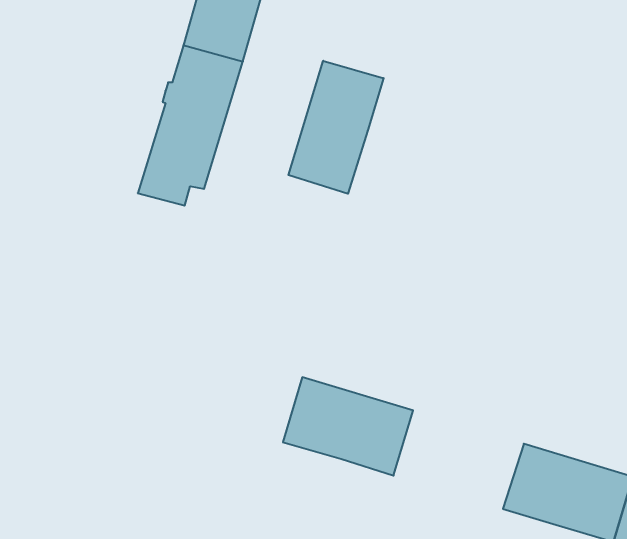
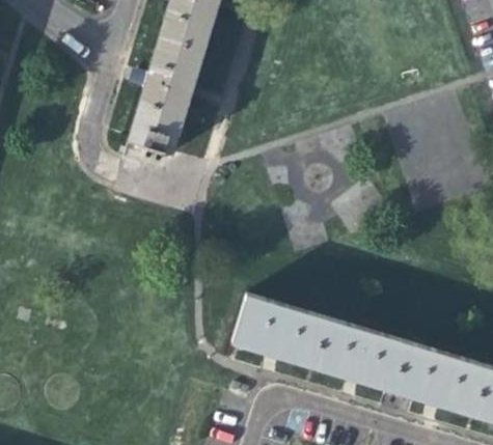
building: [288,61,384,194] -> none
building: none -> [316,318,413,392]

